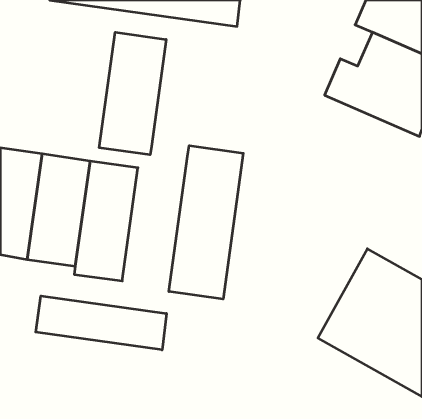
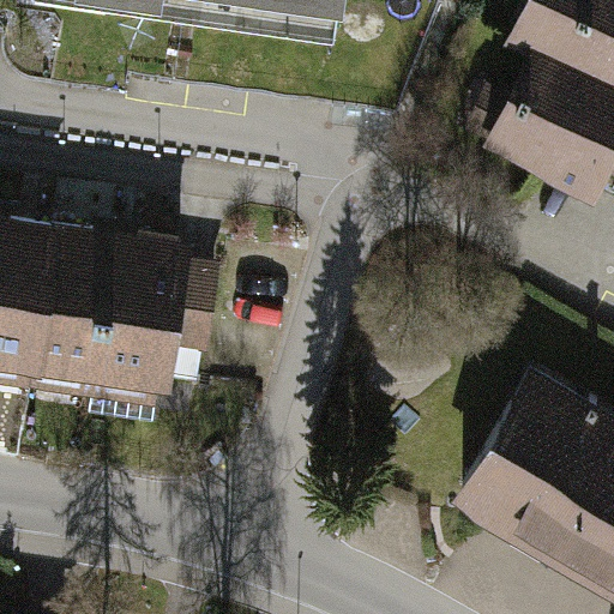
building: [99,32,166,155] -> none
building: [169,146,243,299] -> none
building: [36,296,166,350] -> none

